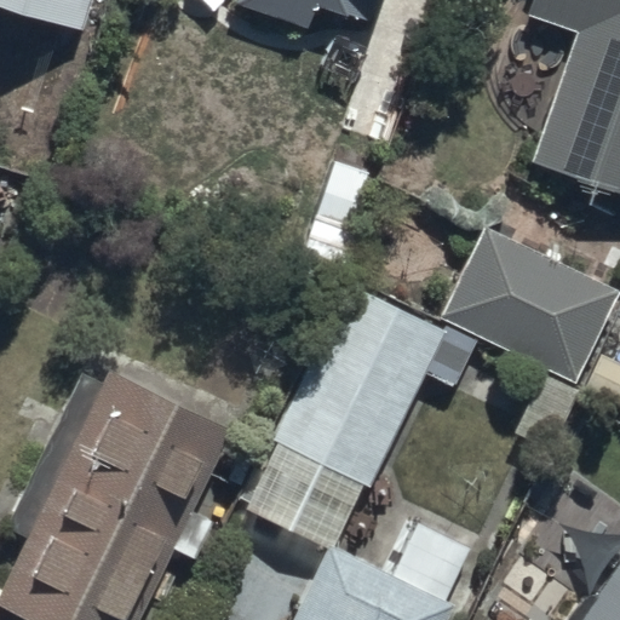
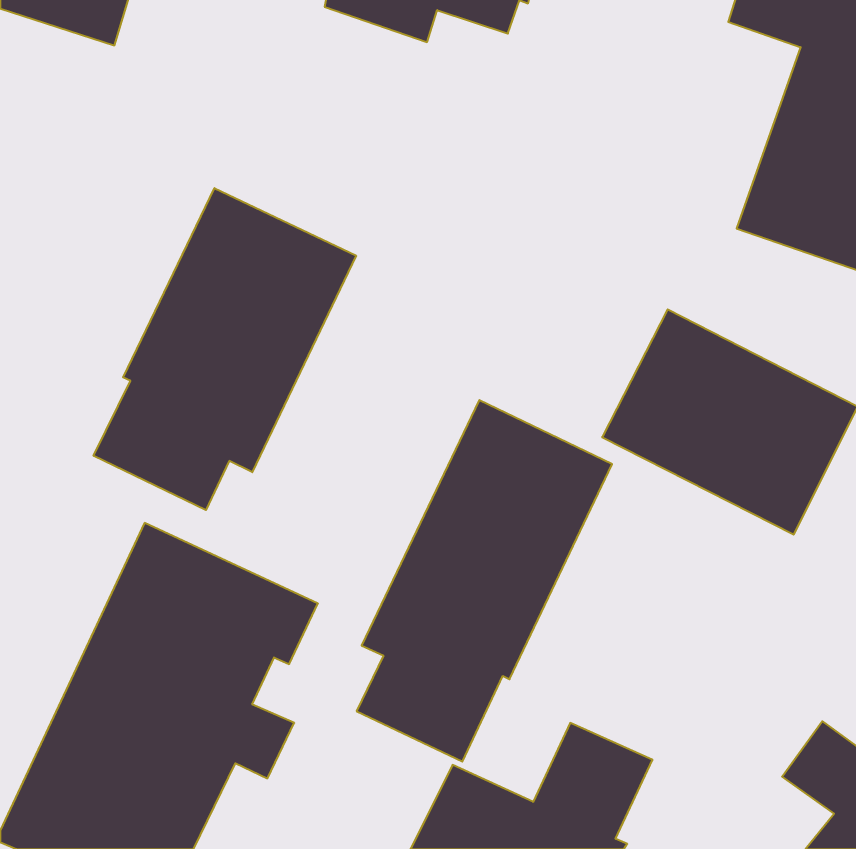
building: none -> [94,188,356,510]

